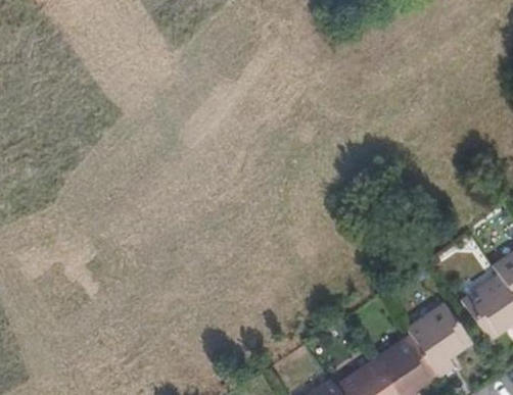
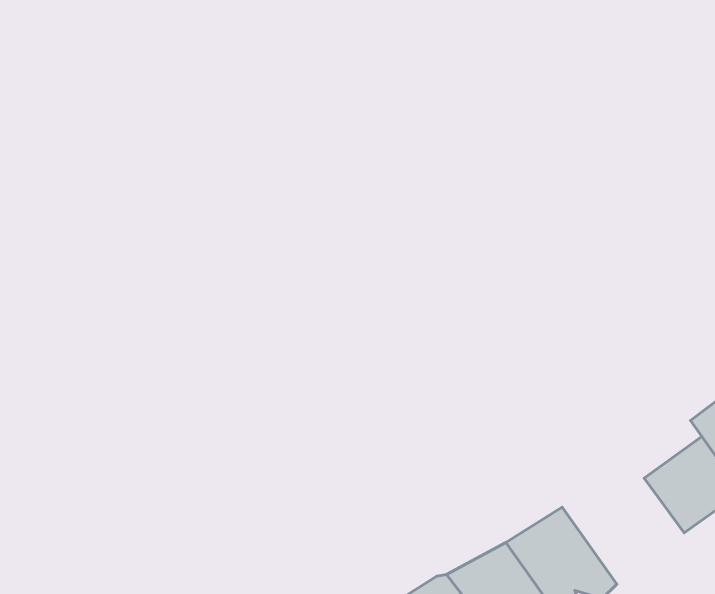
building: [408,300,471,382] -> none

